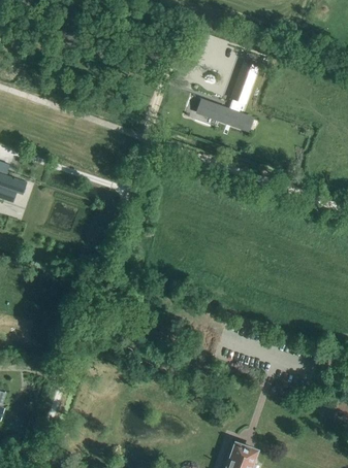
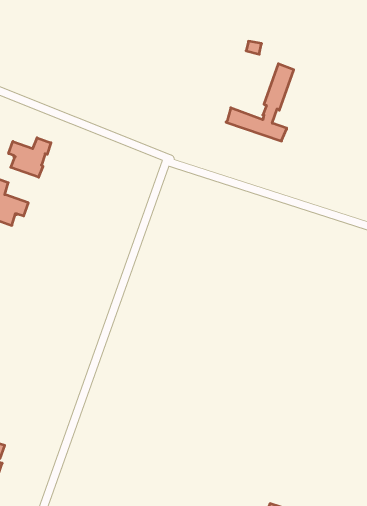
building: none -> [9,138,51,177]

